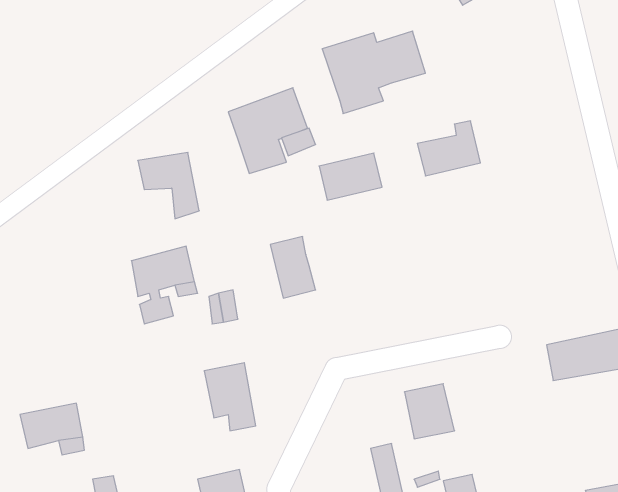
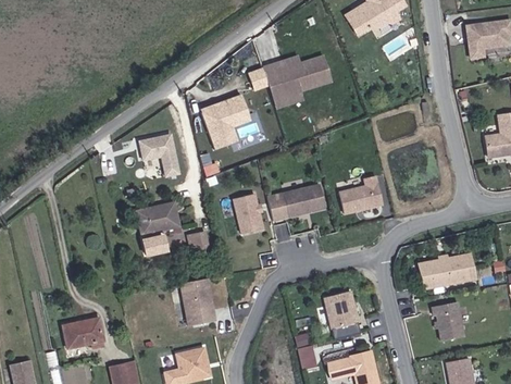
building: [417,121,480,176] -> [336,177,378,214]
building: [319,153,382,200] -> [279,185,322,216]
building: none -> [427,304,459,343]

